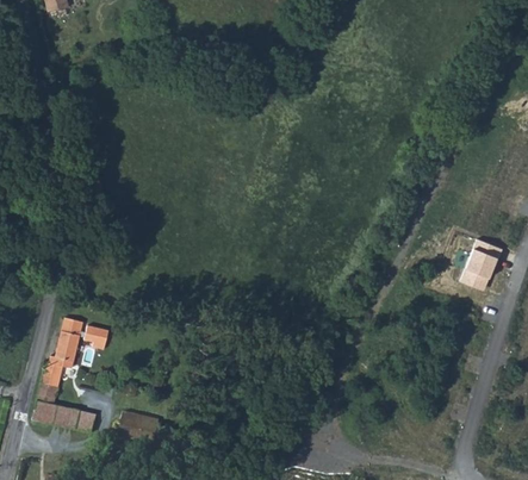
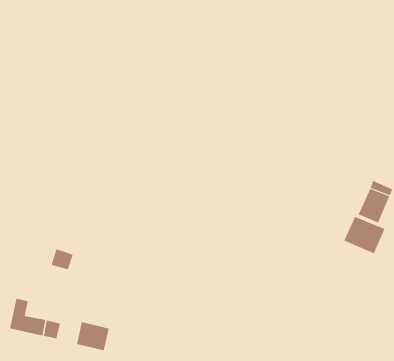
building: none -> [343,216,385,254]
building: [42,318,82,386] -> none

